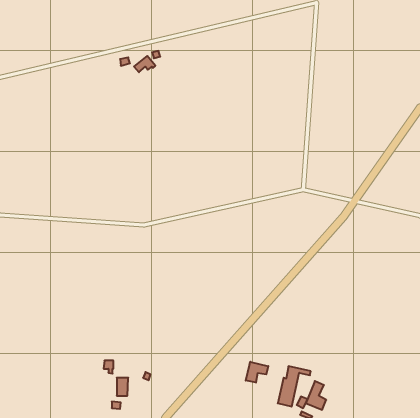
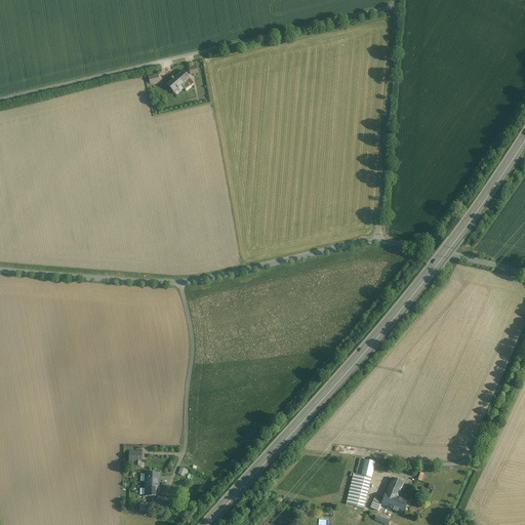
building: [246,362,268,383] -> none

